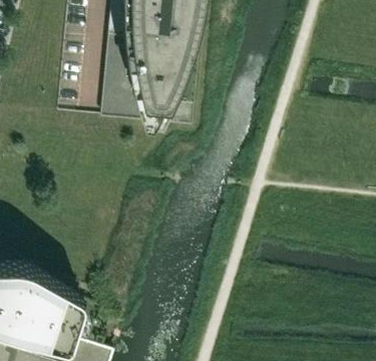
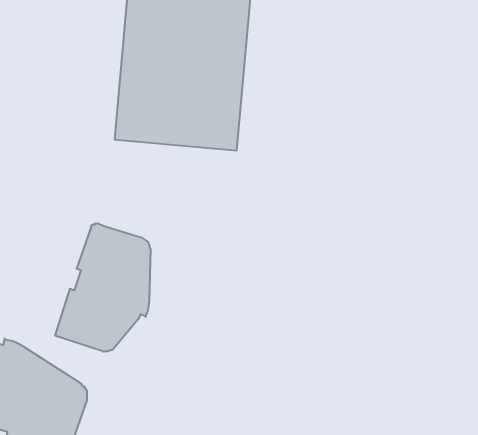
building: none -> [55,223,151,352]

